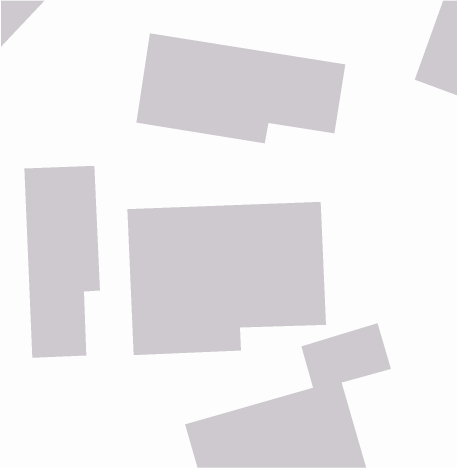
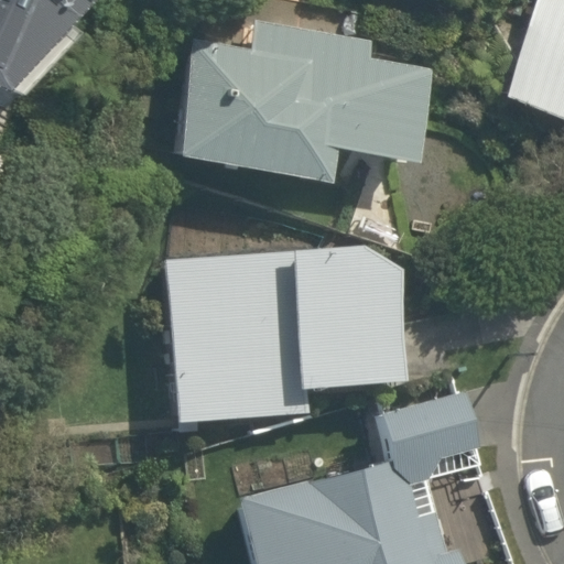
building: [24,165,100,358] -> none

